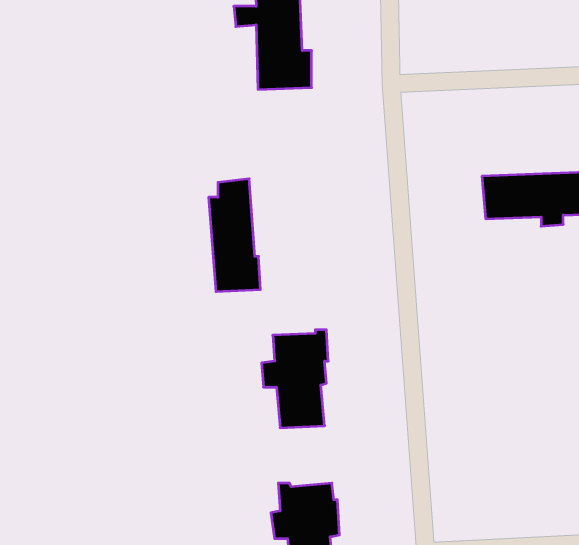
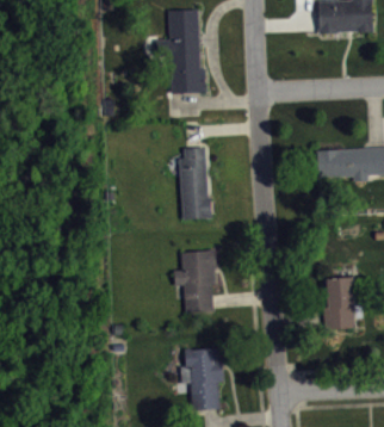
building: [209,179,260,292] -> [179,147,212,219]
building: none -> [322,278,364,329]

